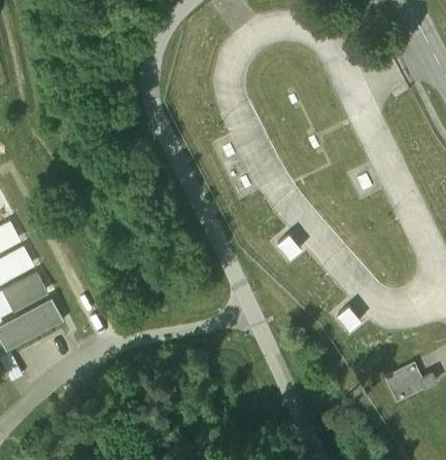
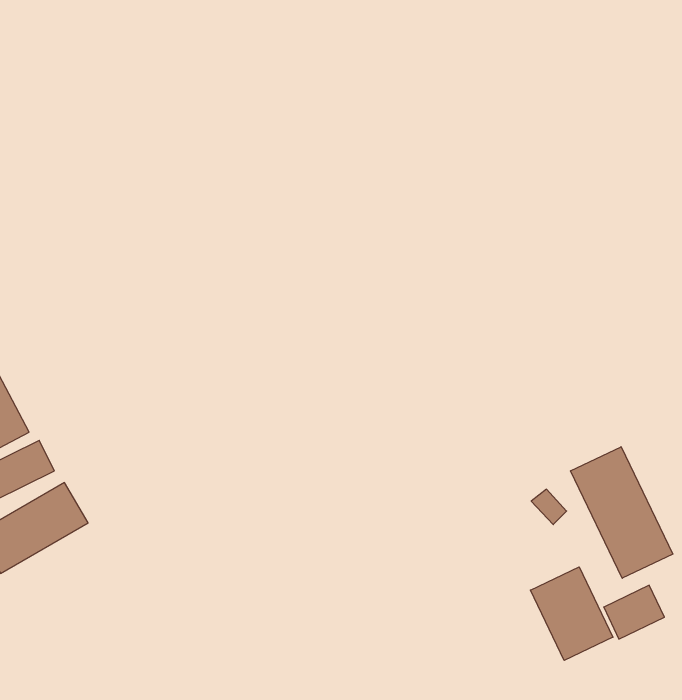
building: none -> [571,447,673,578]
building: none -> [530,567,613,660]

